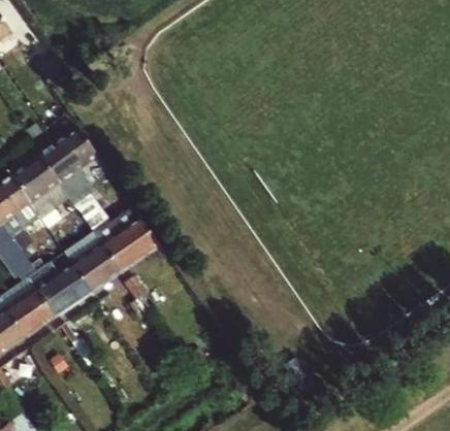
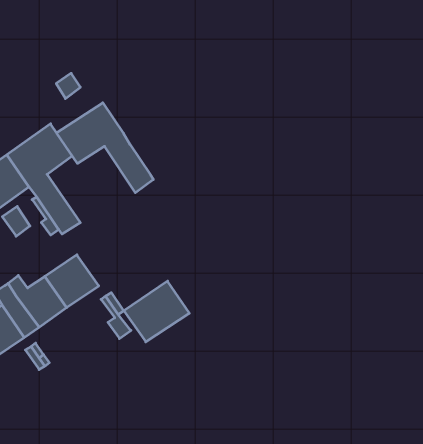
building: none -> [57,103,153,193]
building: [100,218,159,272] -> [124,281,189,342]

